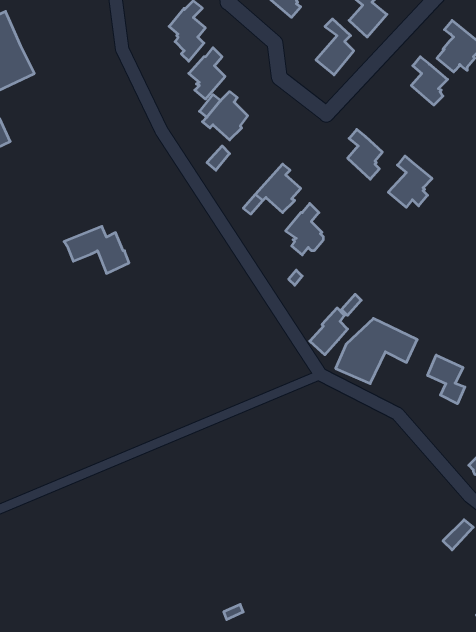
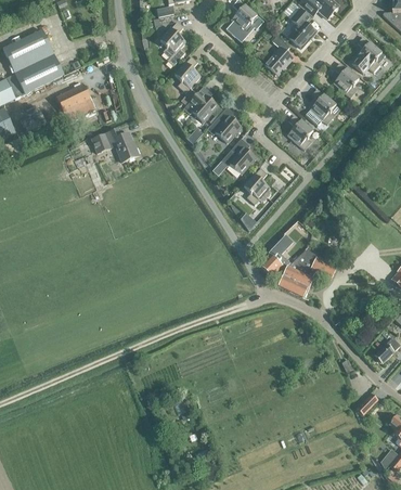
building: none -> [55,83,95,120]
building: none -> [207,107,240,142]
building: [388,156,432,207] -> [305,88,336,125]
building: [64,226,129,273] -> [91,128,138,162]
building: [428,355,465,404] -> none

